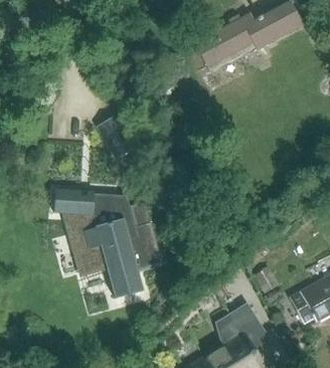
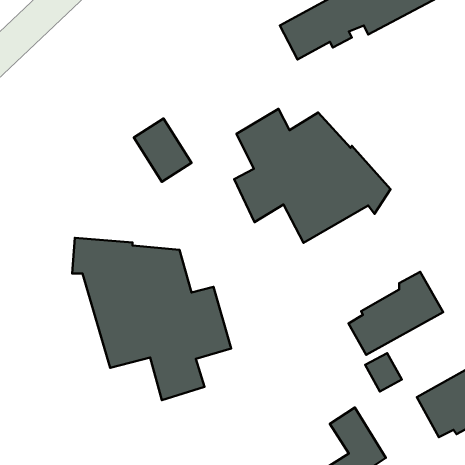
building: none -> [234,109,390,243]
building: none -> [349,272,443,355]

